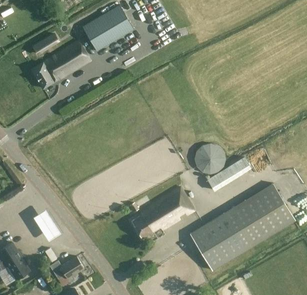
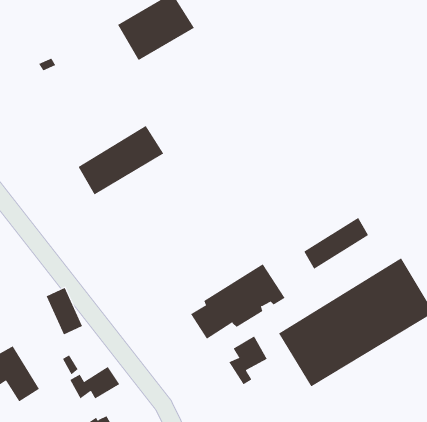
building: [32,41,90,88] -> [78,125,164,195]
building: [194,143,225,174] -> none
building: none -> [229,335,267,385]

